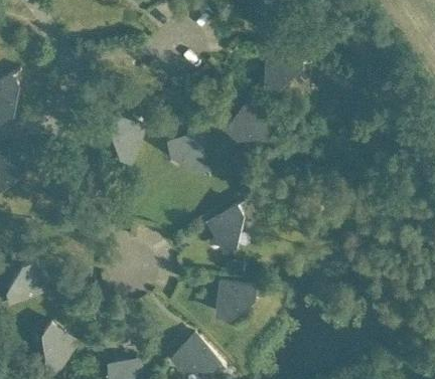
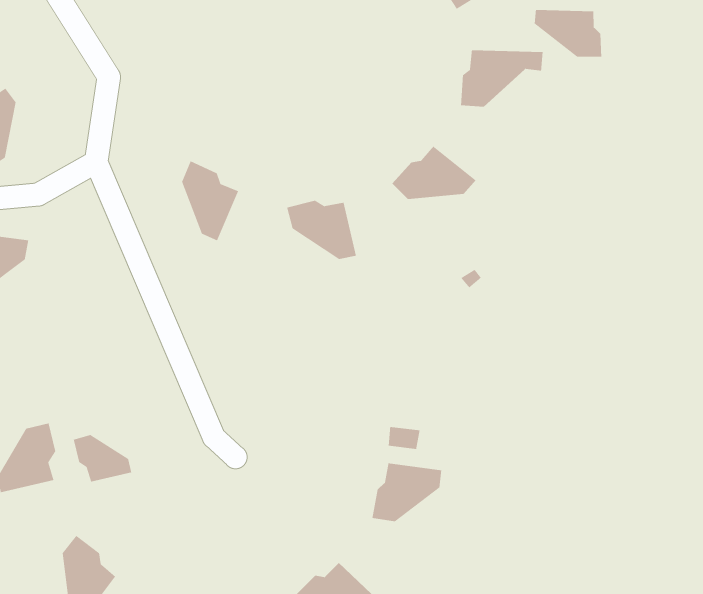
building: none -> [534,9,602,58]
building: [209,205,242,251] -> none
building: none -> [73,434,132,482]

